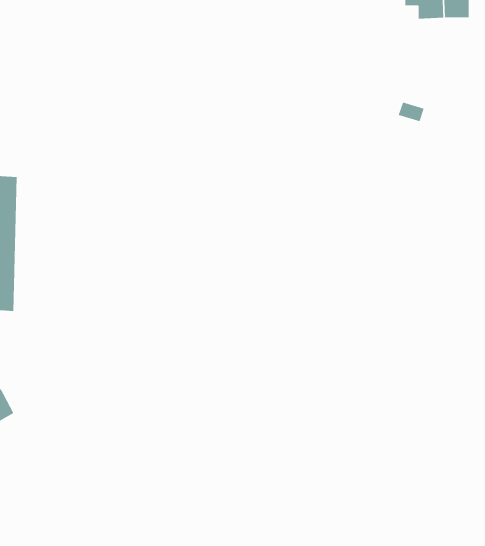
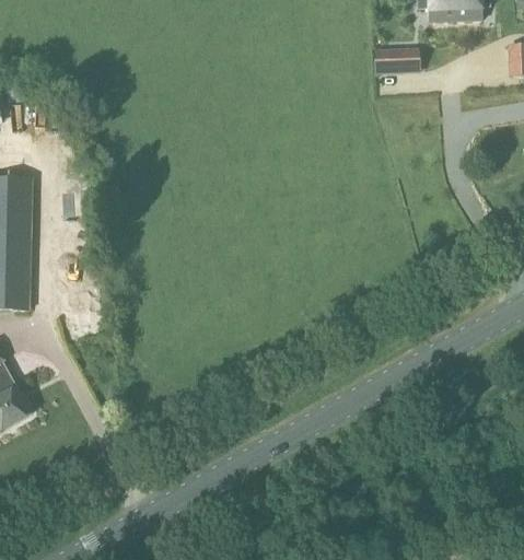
building: none -> [374,49,405,73]

